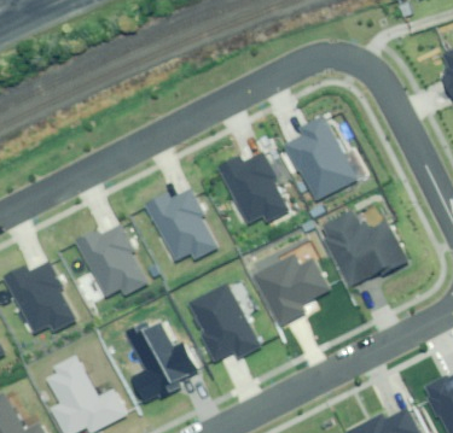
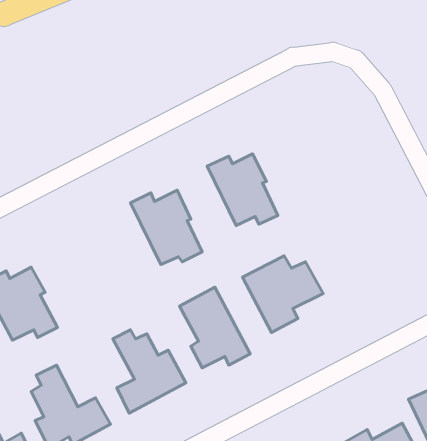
building: [290,116,355,198] -> none
building: [321,212,408,283] -> none
building: [76,224,149,294] -> none

